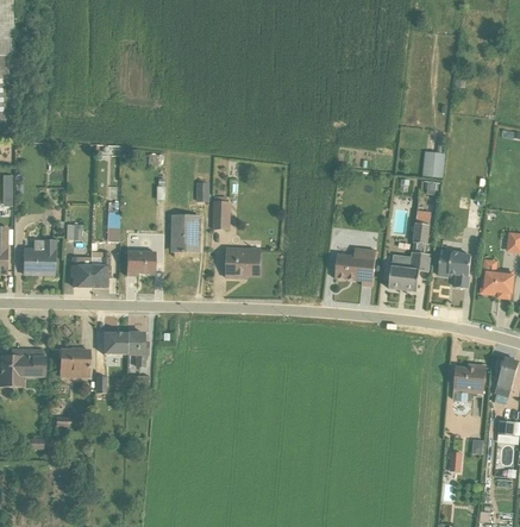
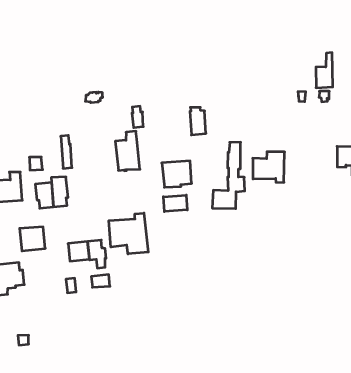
building: [212,195,231,228] -> [190,107,206,135]
building: [388,209,431,290] -> [212,142,245,209]
building: [125,250,154,275] -> none
building: none -> [163,195,187,212]
building: none -> [109,213,148,254]
building: [59,349,88,376] -> [20,227,45,251]

